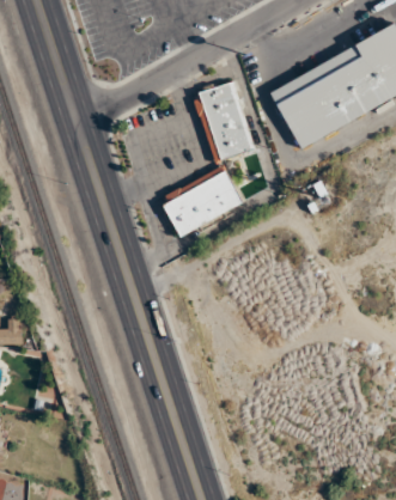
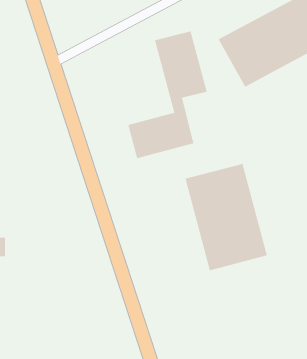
building: none -> [185,163,268,271]

